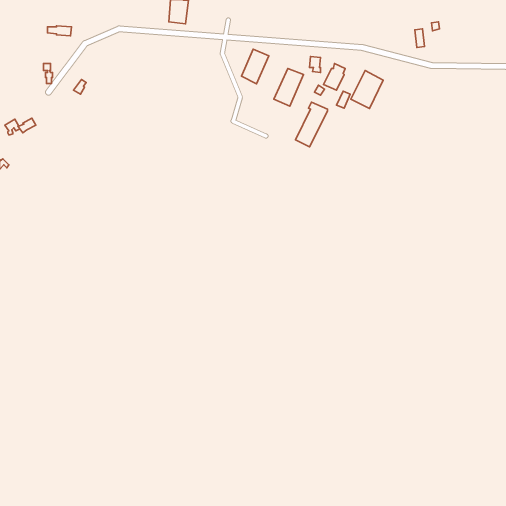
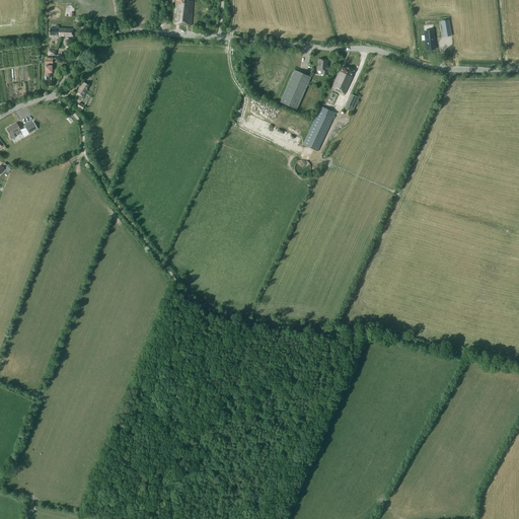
building: [242,49,269,84] -> none
building: [351,70,383,109] -> none

